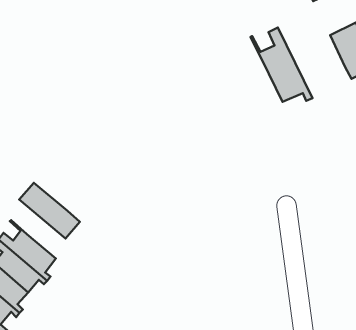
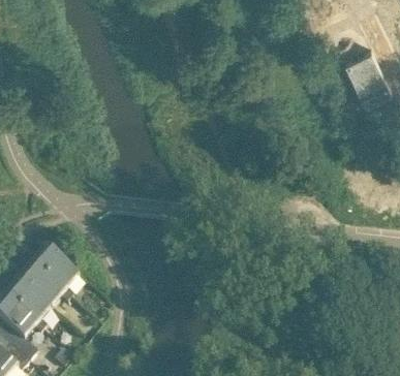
building: [251,28,312,102] -> none
building: [19,183,80,238] -> none

